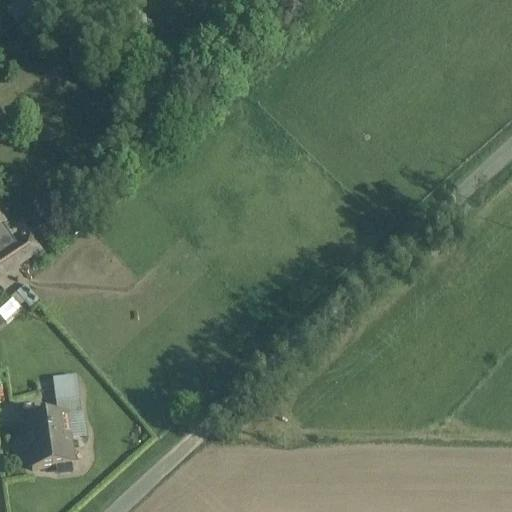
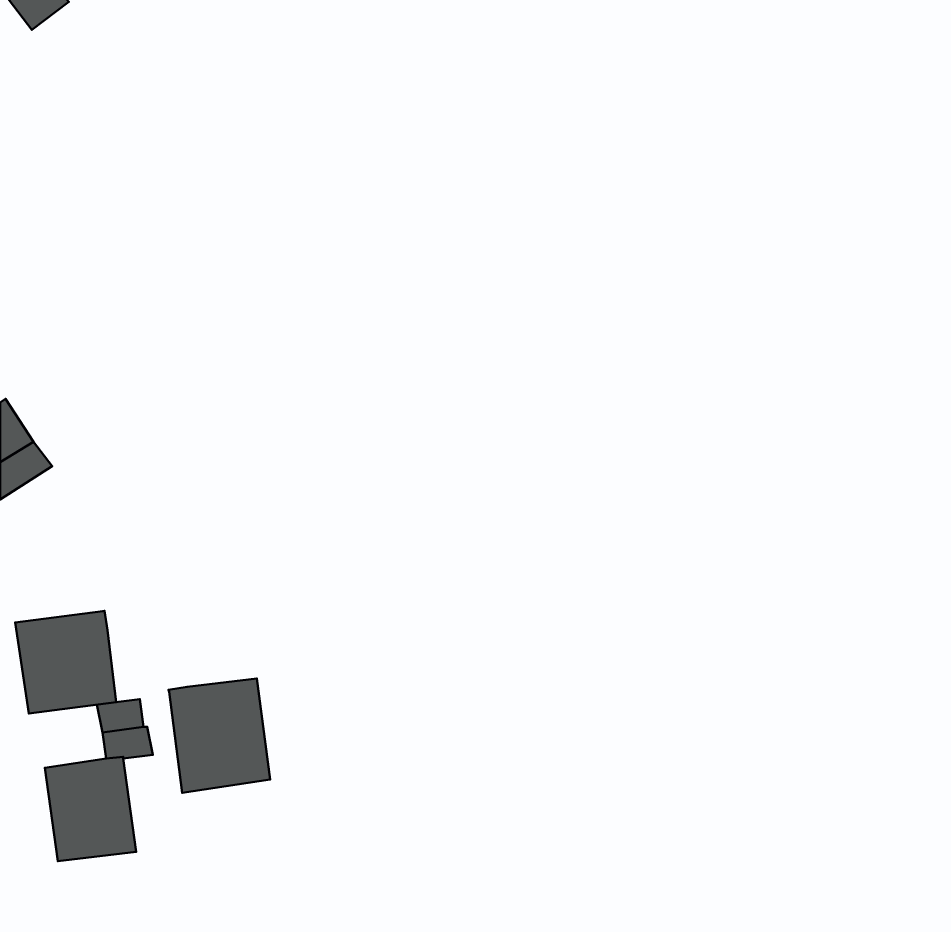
building: none -> [15,611,116,713]
building: none -> [168,679,270,793]

